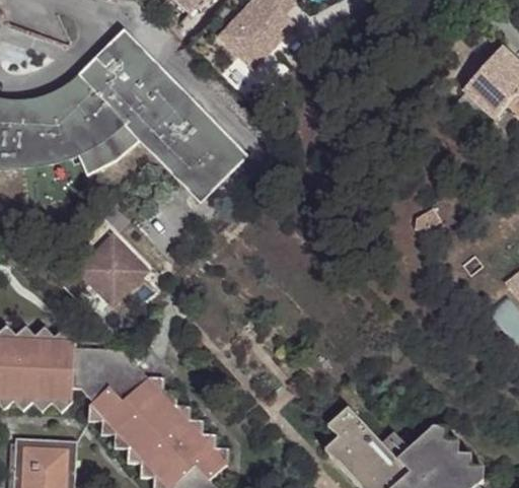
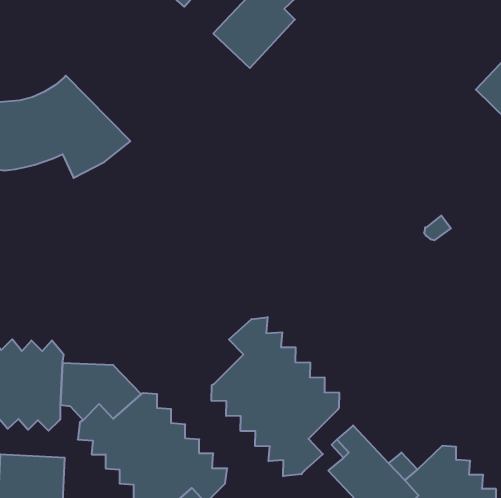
building: [78,32,244,199] -> none
building: [73,237,145,310] -> none
building: none -> [212,317,339,476]

